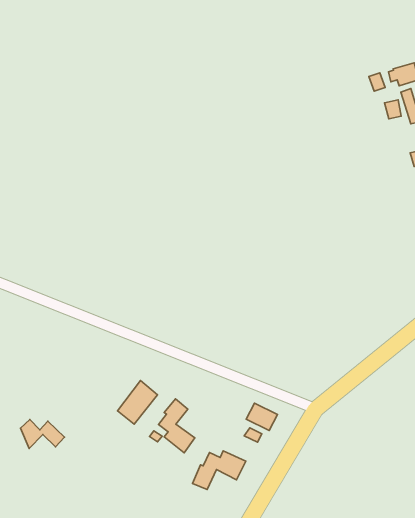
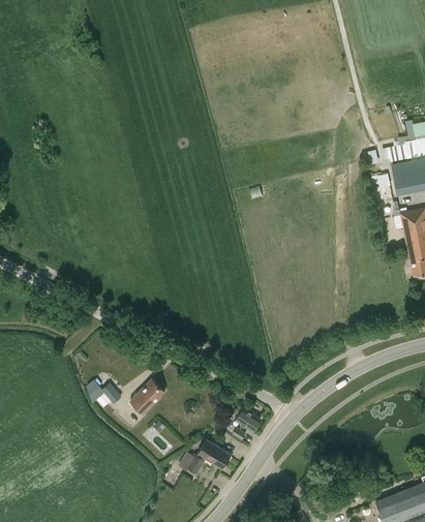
building: [158,399,195,453] -> none
building: [21,419,65,449] -> [87,379,122,404]

